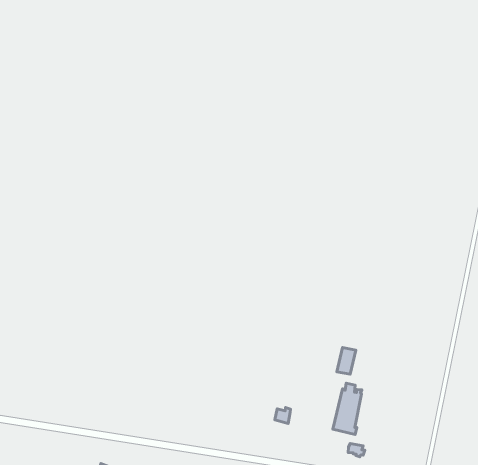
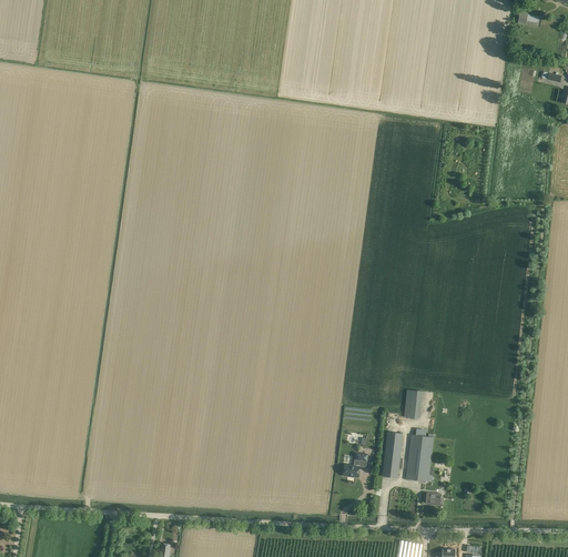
building: none -> [383,433,403,477]

